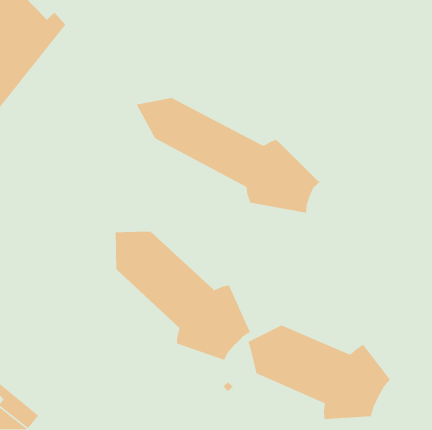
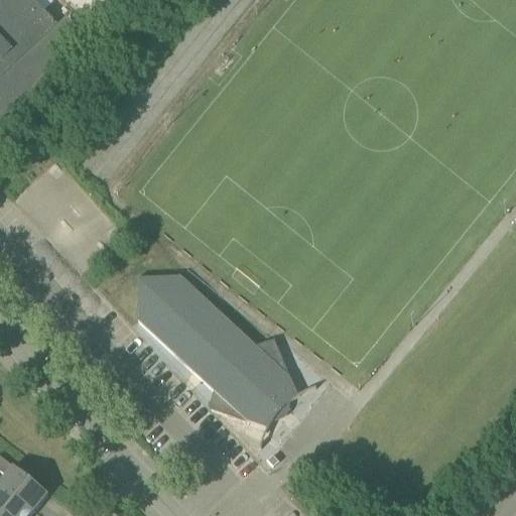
building: [135,97,321,213] -> none
building: [248,325,392,420] -> none

